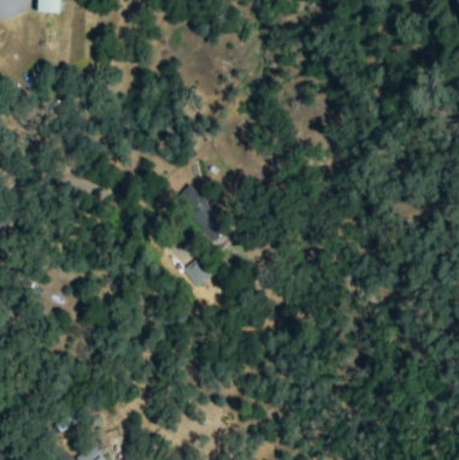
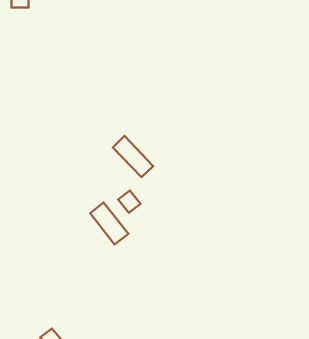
building: none -> [90,203,129,245]

